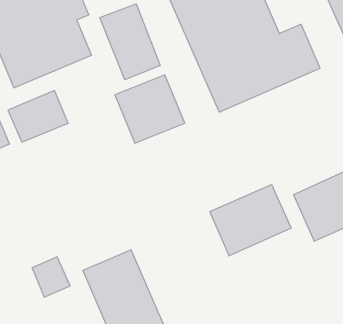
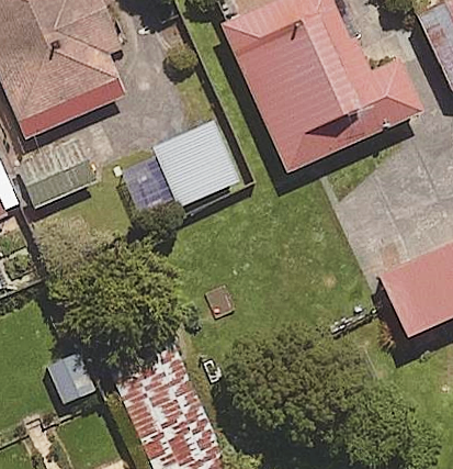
building: [100,4,160,80] -> none
building: [210,184,291,256] -> none

